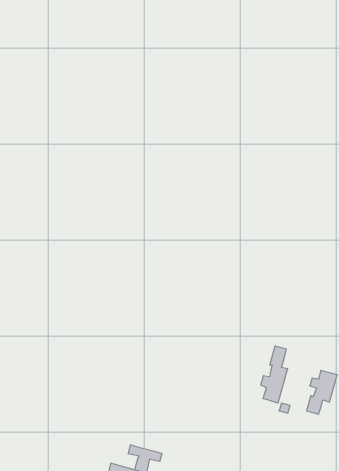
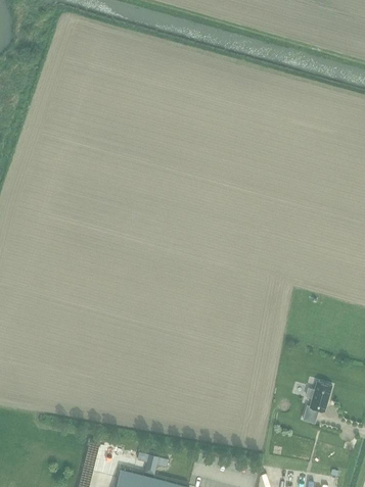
building: [261,346,288,403] -> none

